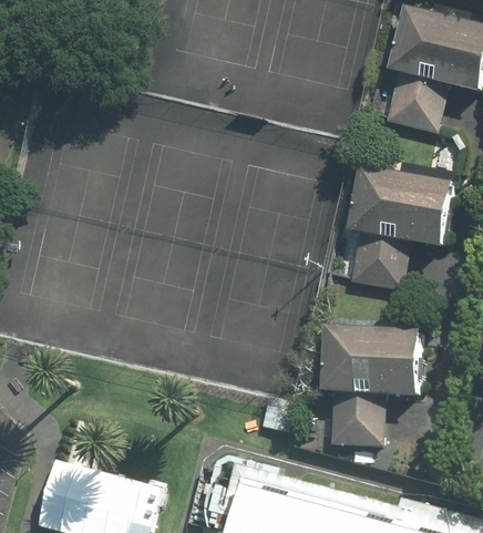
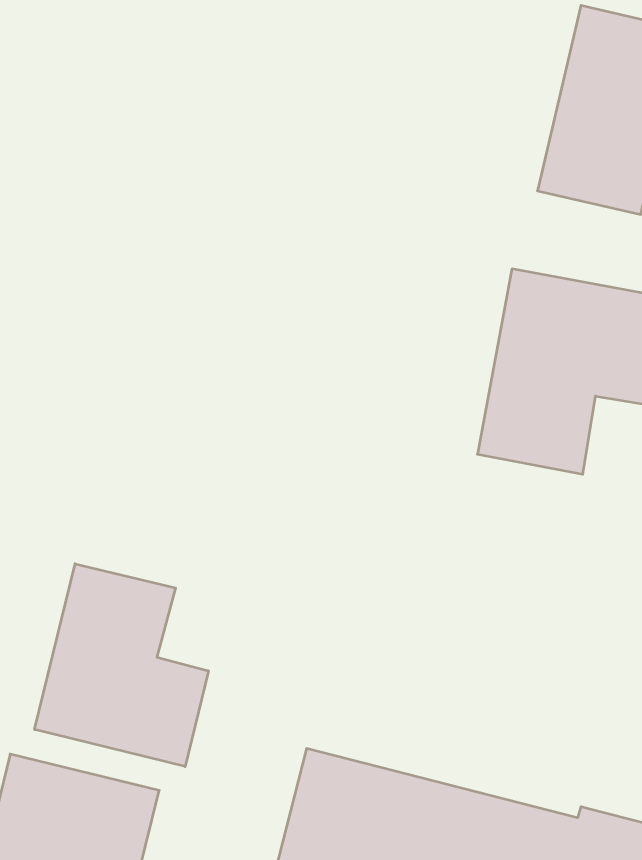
building: [321,329,421,445] -> none
building: none -> [35,564,208,767]

